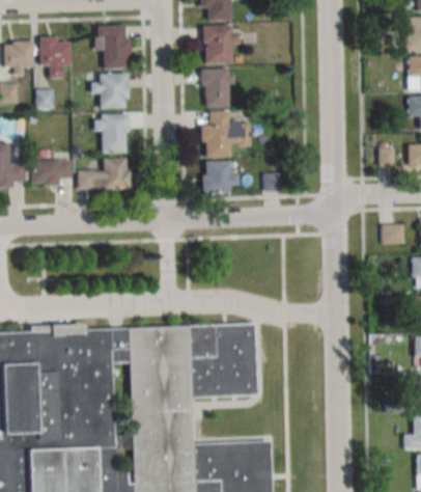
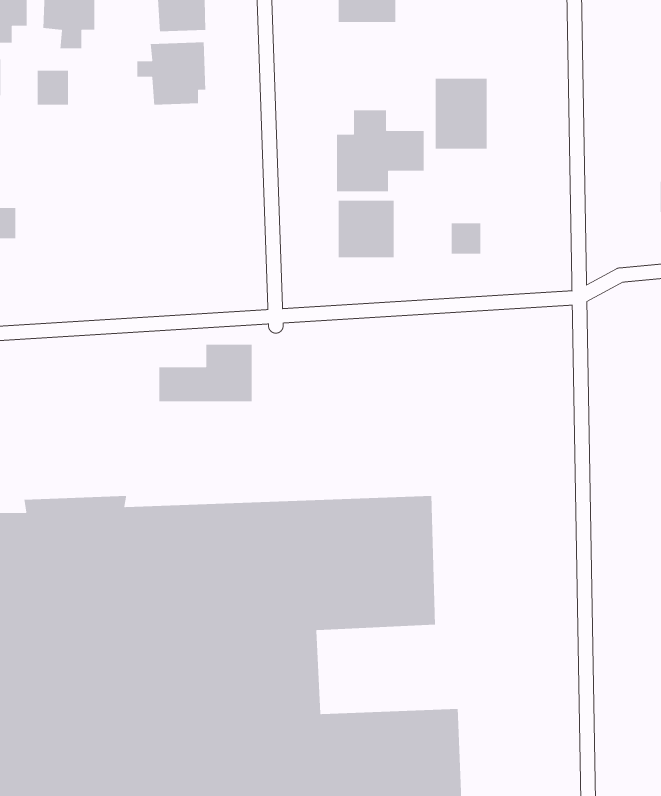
building: [201,66,230,106] -> [435,78,488,150]
building: [95,112,128,152] -> none
building: [77,157,129,189] -> [158,344,252,402]
building: [31,159,72,185] -> none

